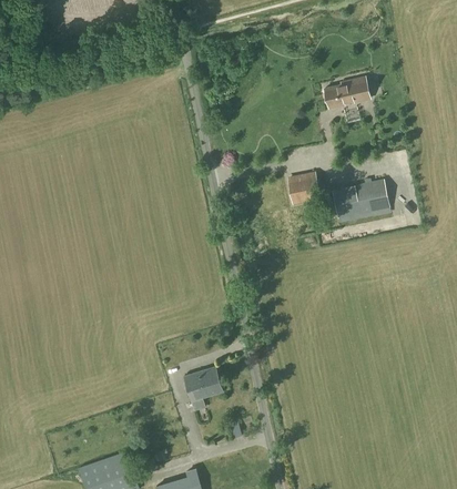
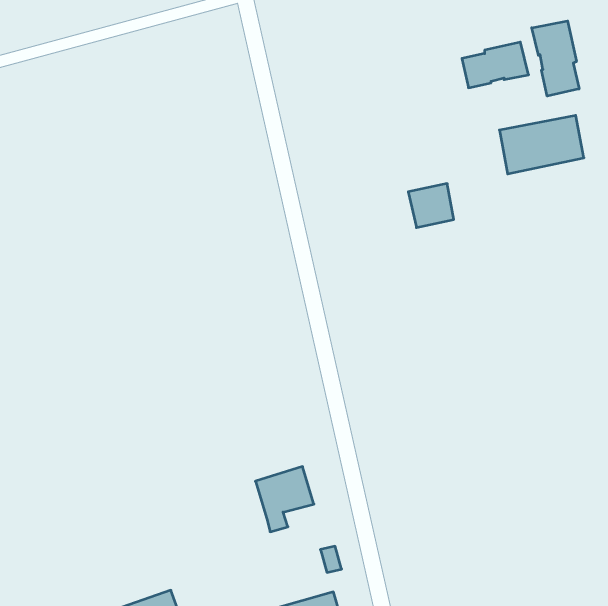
building: none -> [532,21,579,96]
building: [332,180,389,220] -> [499,115,584,174]

